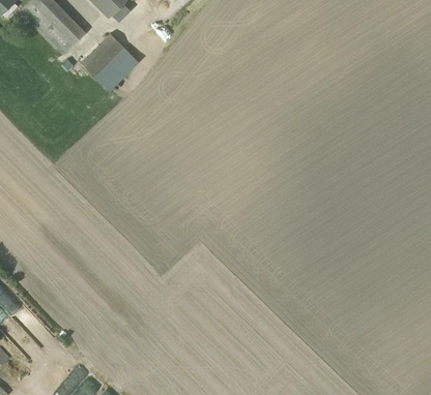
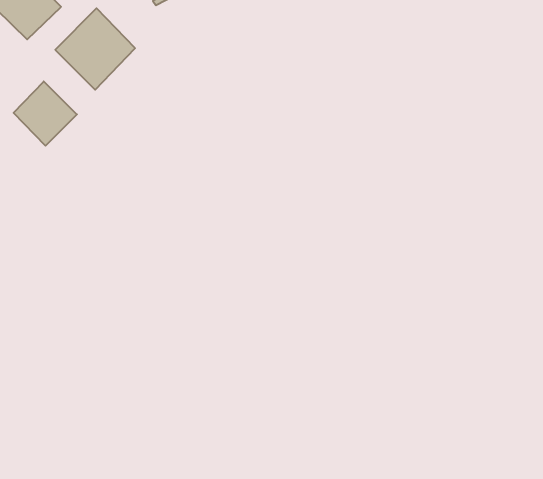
building: none -> [14,81,77,146]

